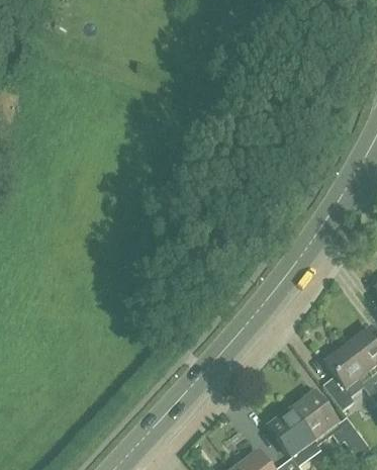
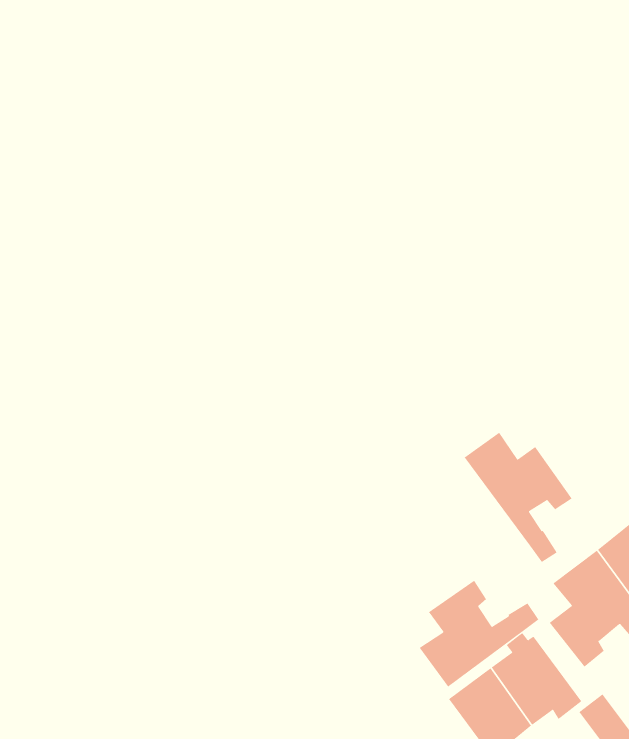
building: none -> [464,432,572,563]
building: none -> [419,580,539,687]

